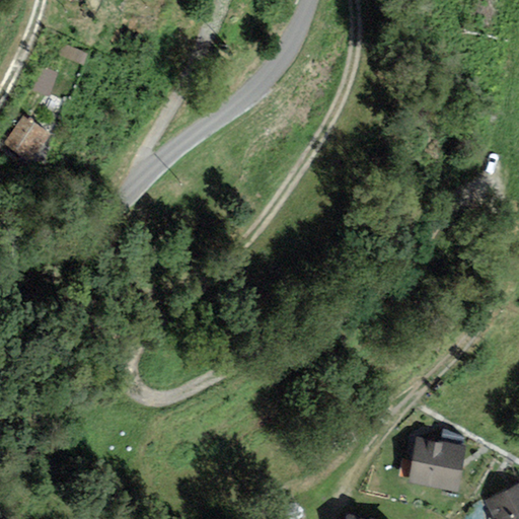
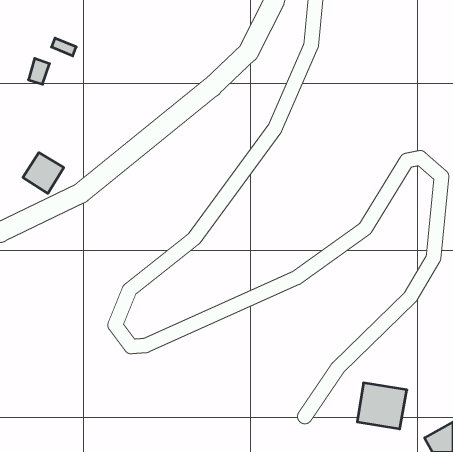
building: [4,116,51,162] -> [23,153,64,193]

